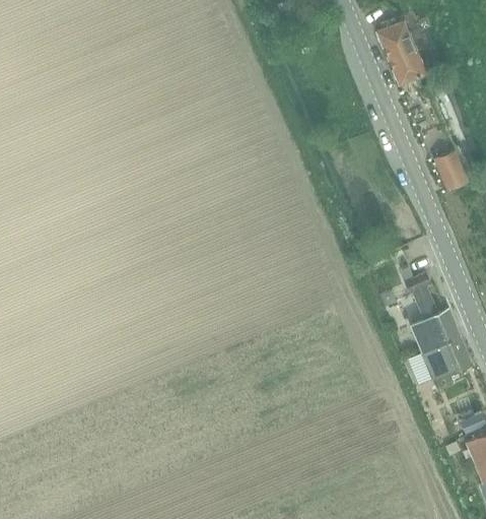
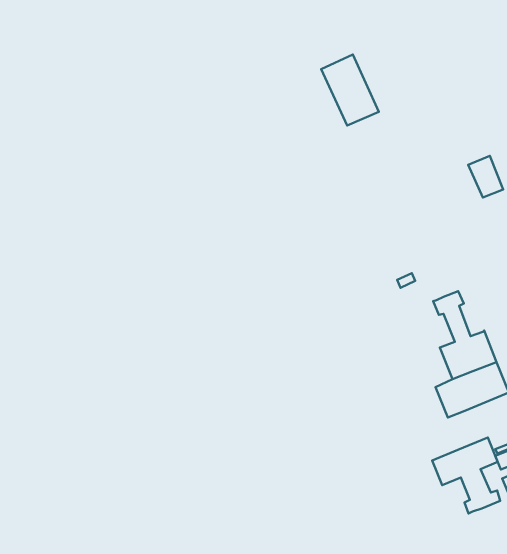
building: [377,21,429,85] -> [321,54,379,125]
building: none -> [432,438,500,513]

